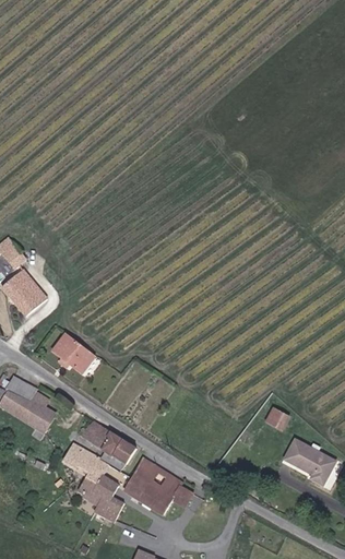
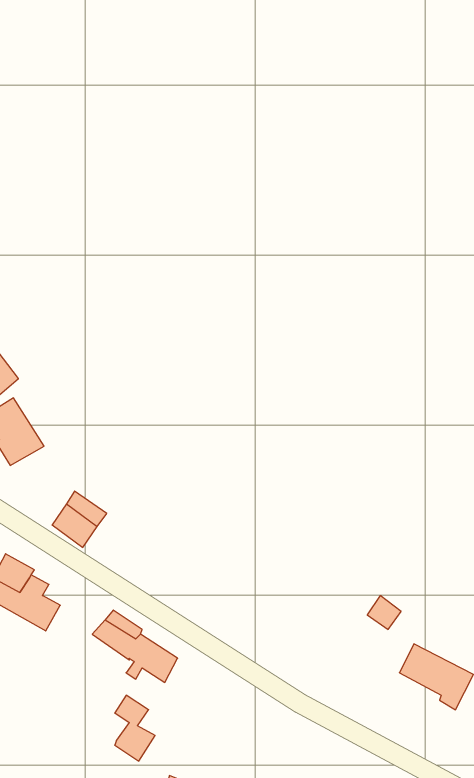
building: [57,440,104,504] -> none
building: [119,461,190,518] -> none

